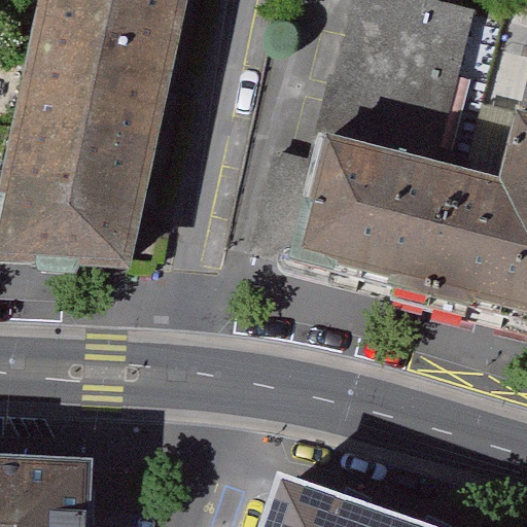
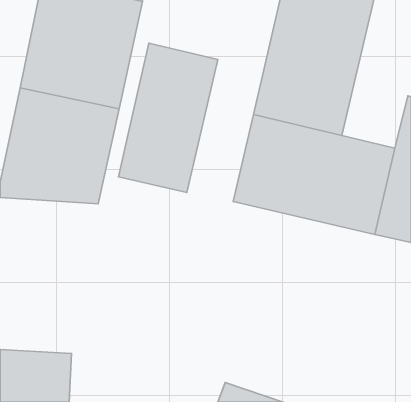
building: none -> [119,43,218,193]

